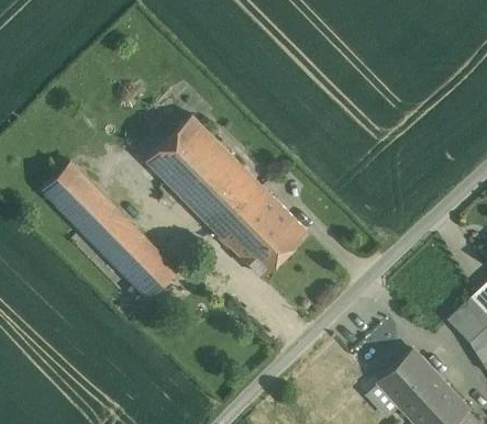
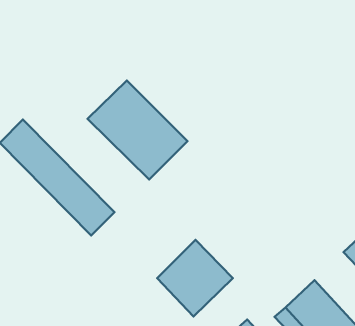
building: [219,188,308,278] -> [157,240,233,316]

